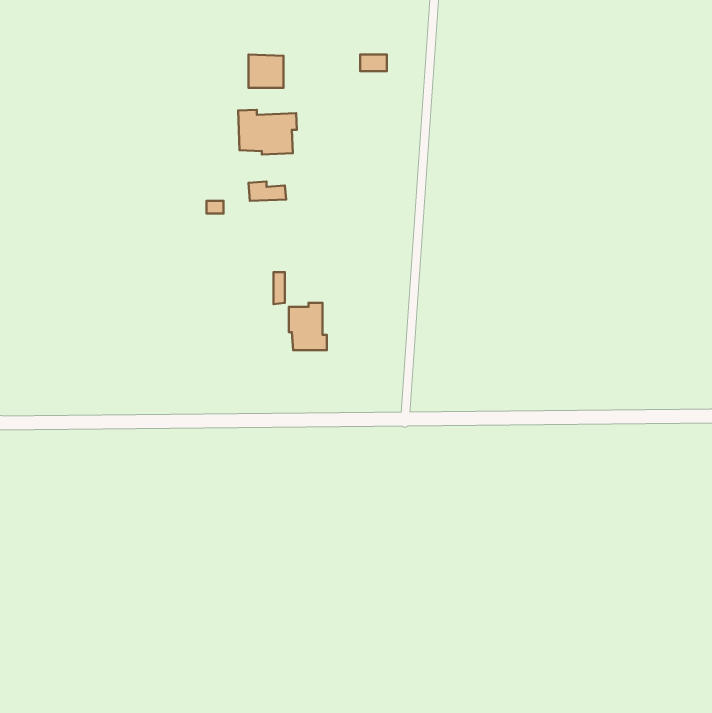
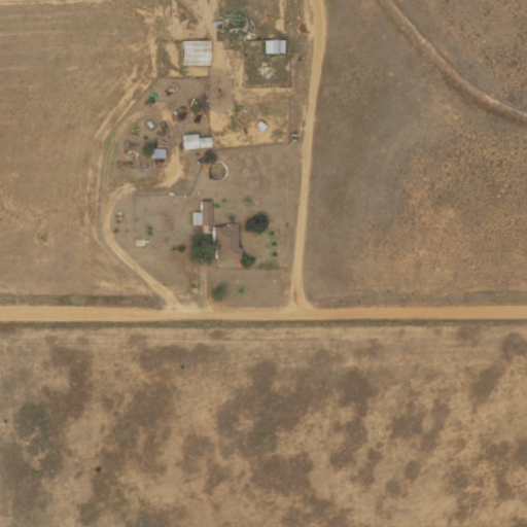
building: [238,110,297,154] -> none

